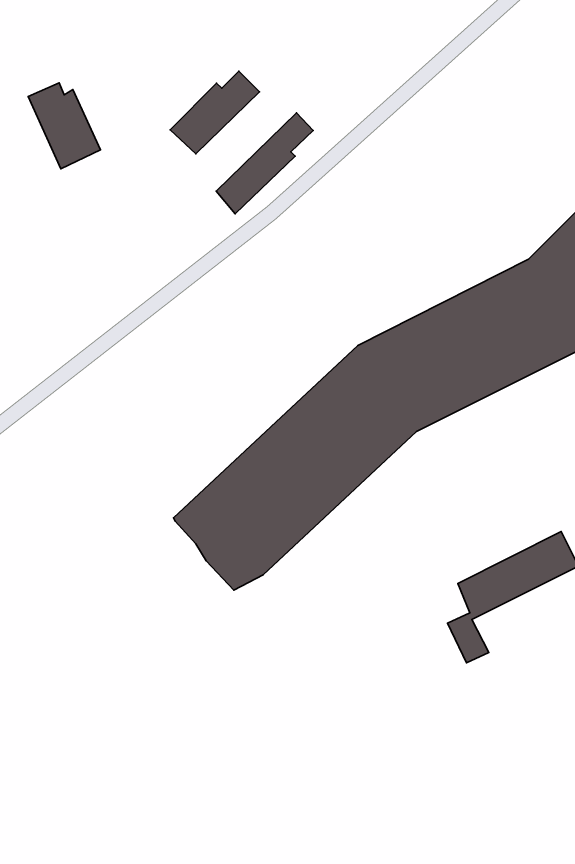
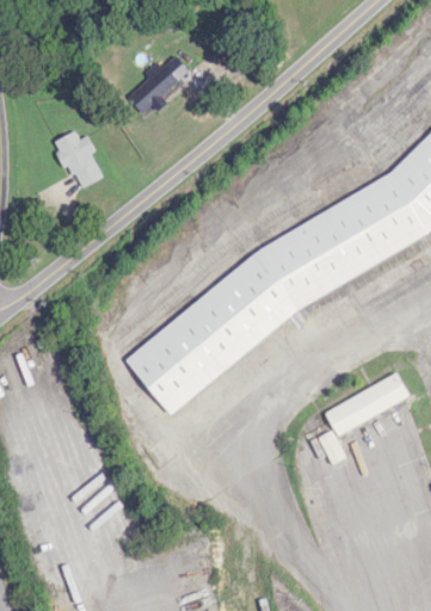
building: [28,83,101,169] -> [55,130,105,190]
building: [216,113,313,214] -> none

